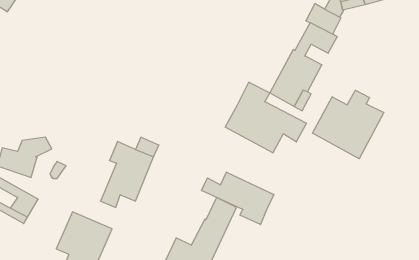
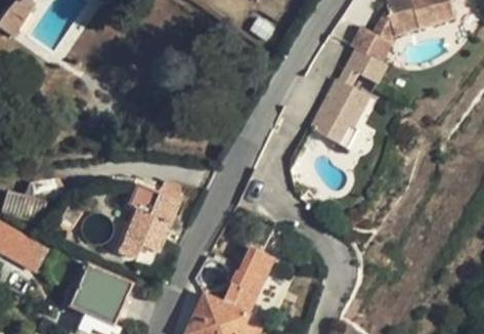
building: [225,82,306,153] -> none
building: [313,90,384,159] -> none
building: [202,172,274,225] -> none

